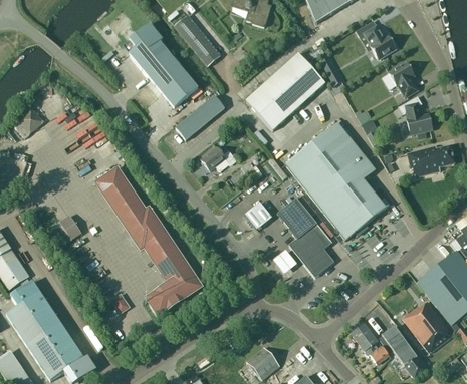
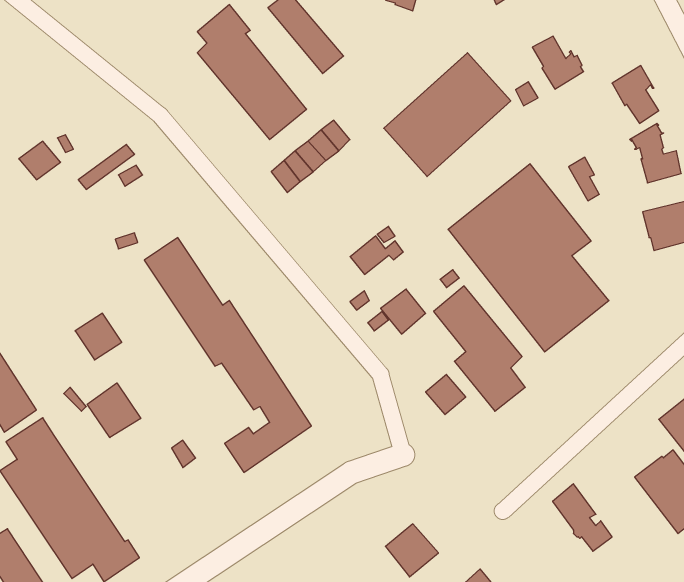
building: [364,25,396,58] -> [532,36,584,89]
building: [200,146,233,170] -> [350,236,403,274]
building: none -> [87,383,141,438]
building: [378,325,426,377] -> none

